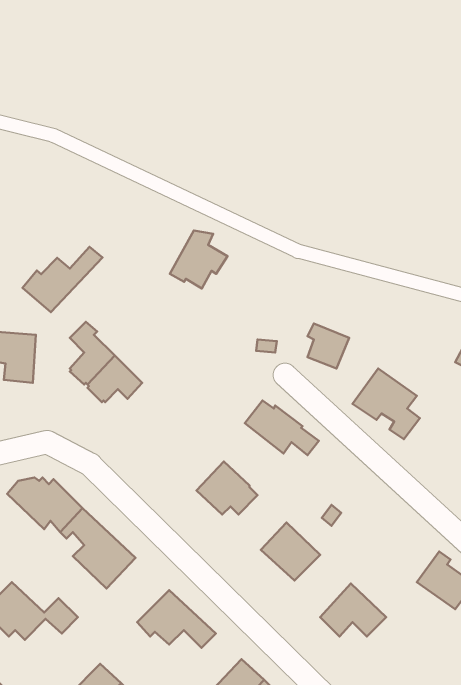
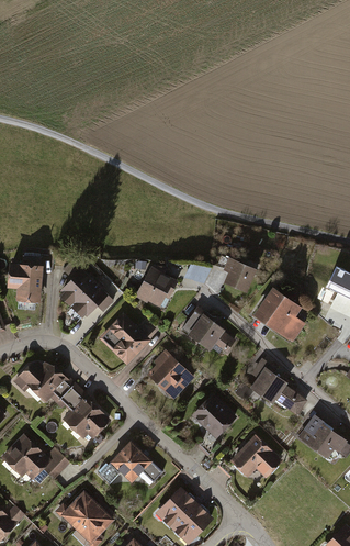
building: [170,231,228,288] -> [136,265,176,304]
building: [22,247,102,312] -> none
building: none -> [110,315,144,361]
building: none -> [252,360,305,413]

